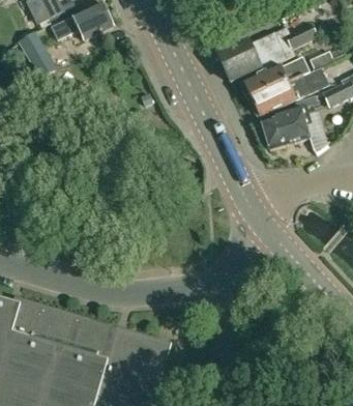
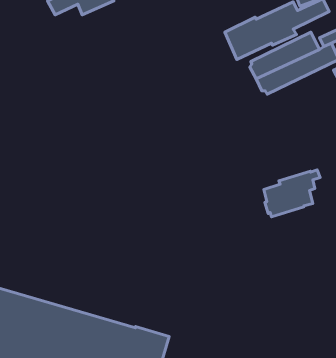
building: [20,31,57,77] -> none
building: [262,104,316,148] -> [264,170,320,217]

